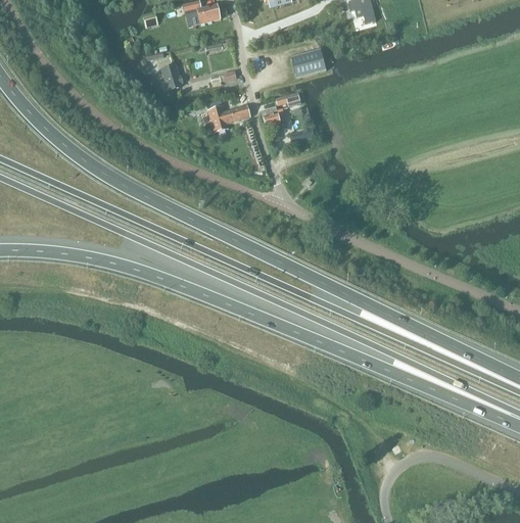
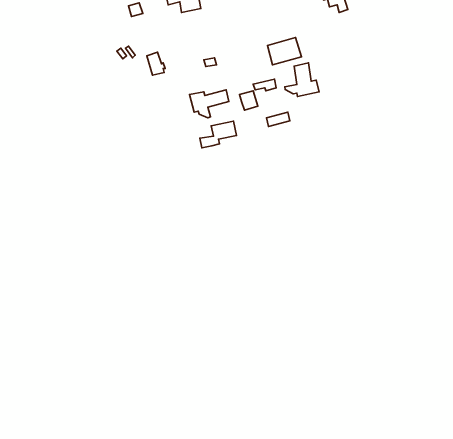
building: none -> [285,63,319,97]
building: none -> [200,121,236,148]

